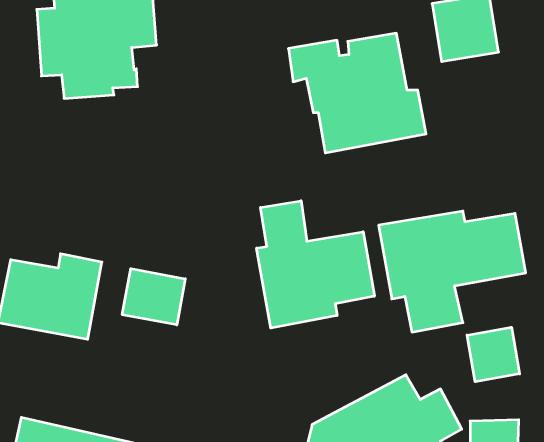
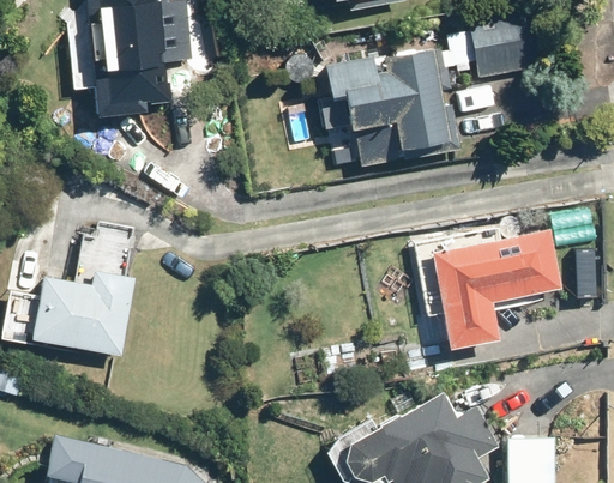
building: [257,201,374,328] -> none
building: [122,269,185,325] -> none
building: [467,327,520,382] -> none

